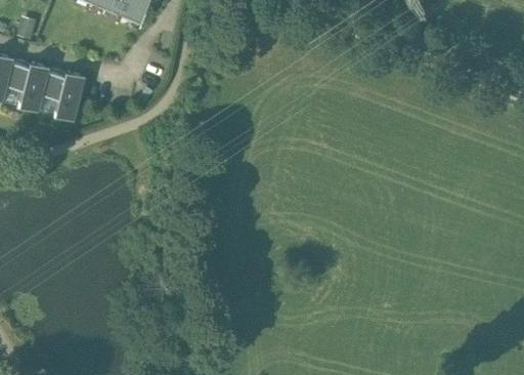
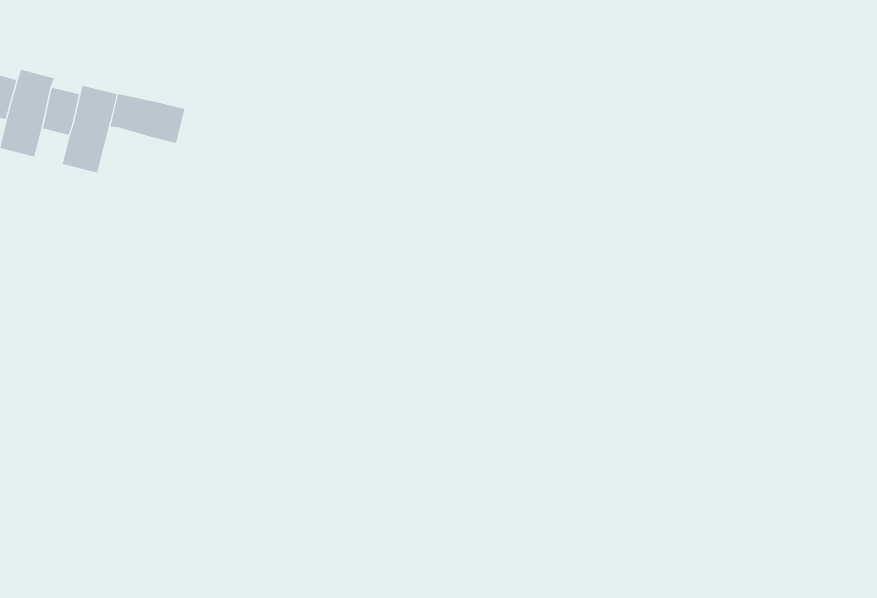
building: none -> [110,94,185,144]

